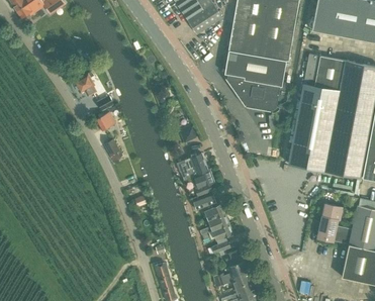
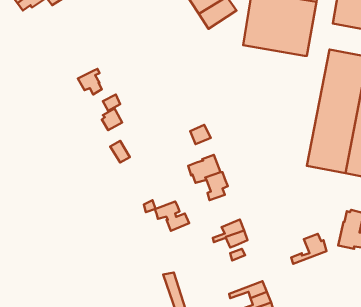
building: [224,51,286,113] -> none
building: [193,194,225,221] -> [155,202,189,231]
building: [213,256,247,284] -> [291,234,327,264]

